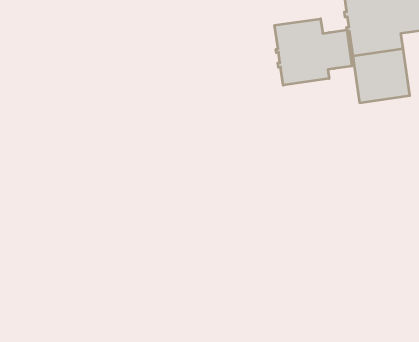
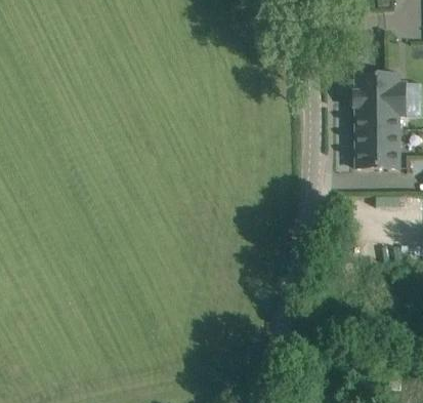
building: [275,19,352,85] -> none

